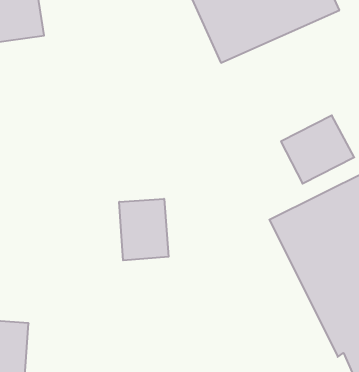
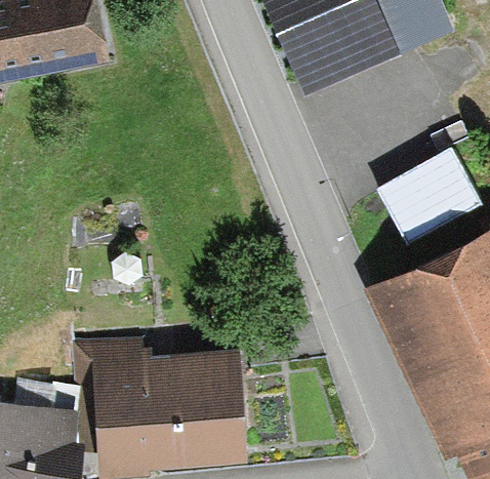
building: [119,199,169,260] -> none
building: none -> [93,355,234,466]

